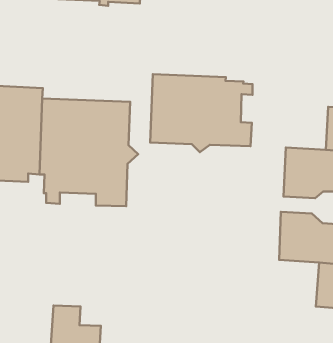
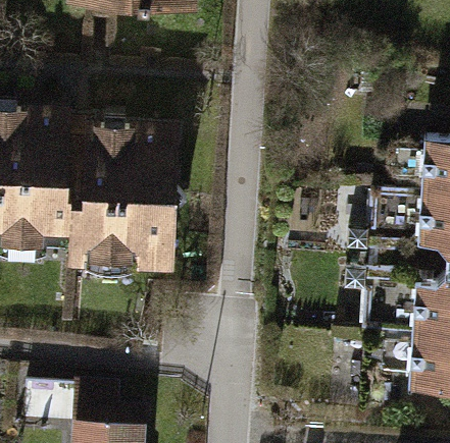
building: [150,74,253,152] -> none

